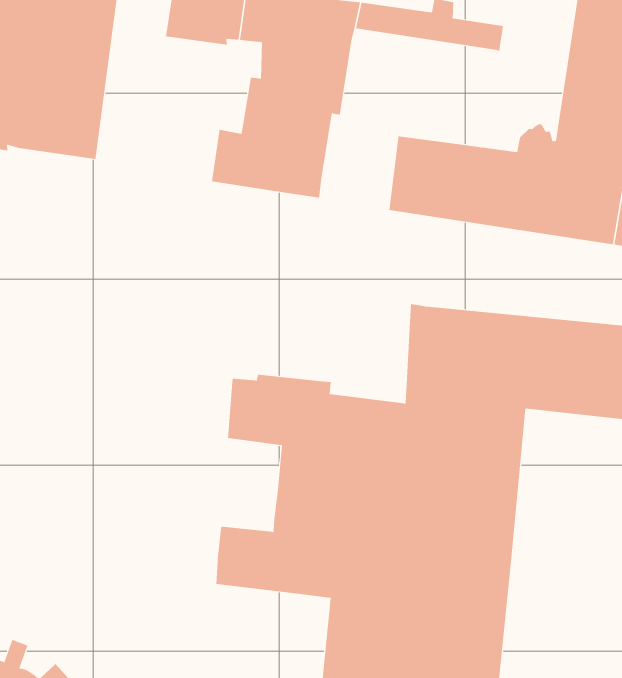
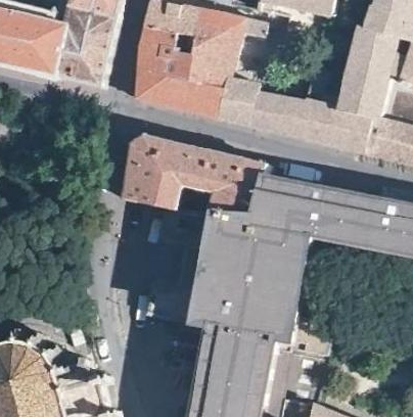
building: none -> [138,28,185,104]
building: none -> [216,75,259,127]
building: none -> [122,134,269,227]

